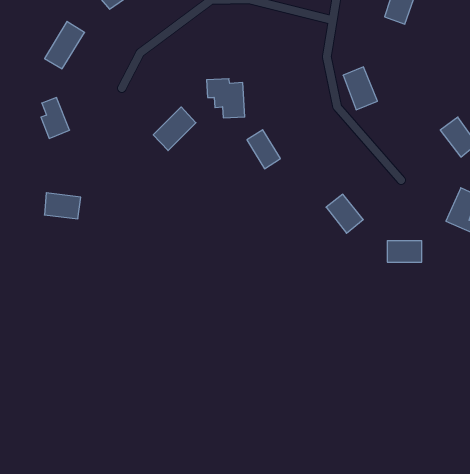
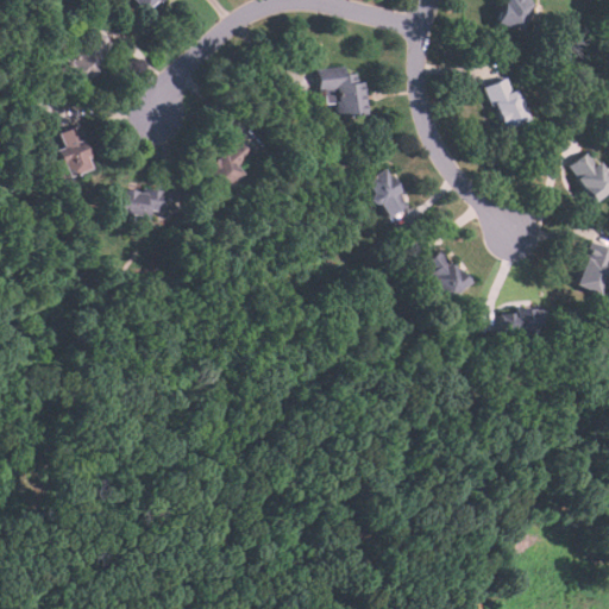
building: [343,67,377,110] -> [488,75,532,130]
building: [207,79,245,118] -> [319,65,368,115]
building: [247,130,280,169] -> [368,167,410,216]
building: [44,193,81,219] -> [120,186,167,219]

